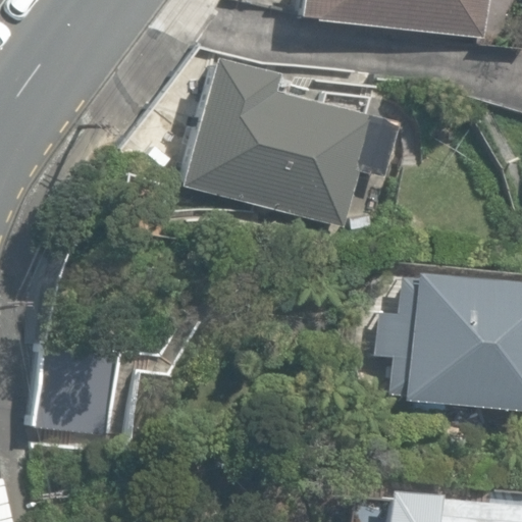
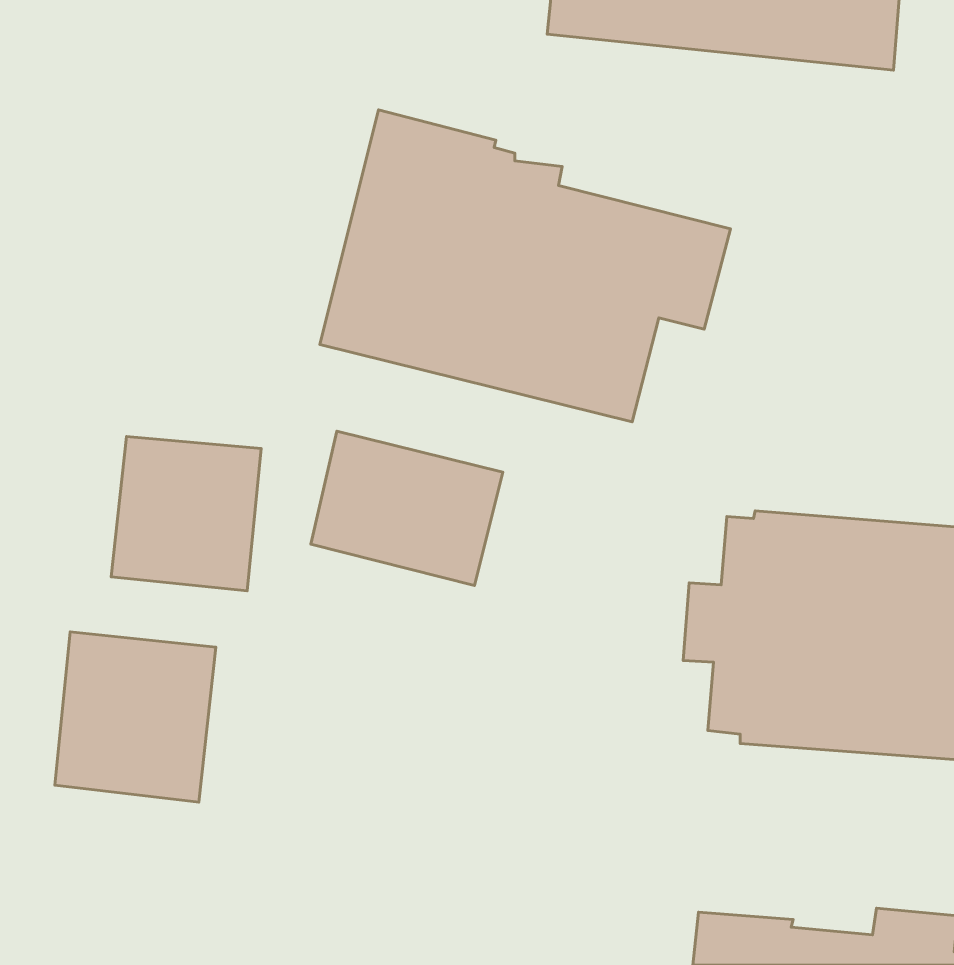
building: none -> [311,431,503,586]
building: none -> [111,436,261,591]

